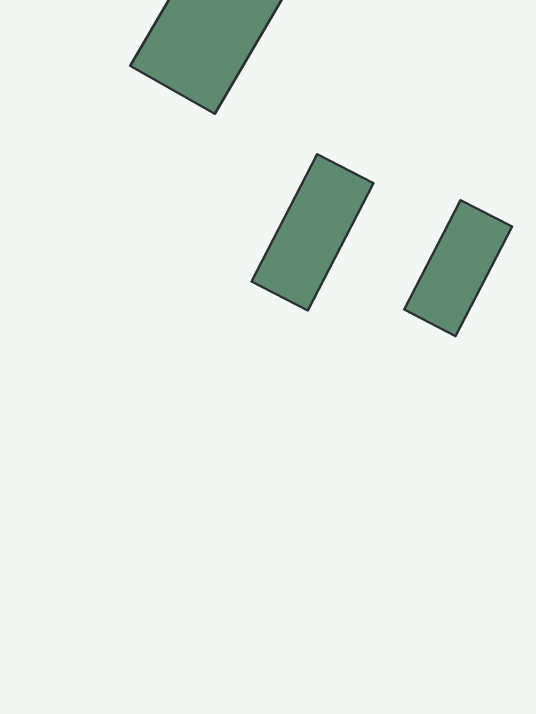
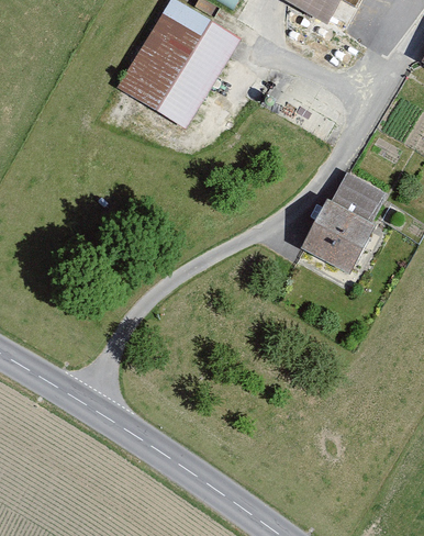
building: [252,154,373,310] -> none

